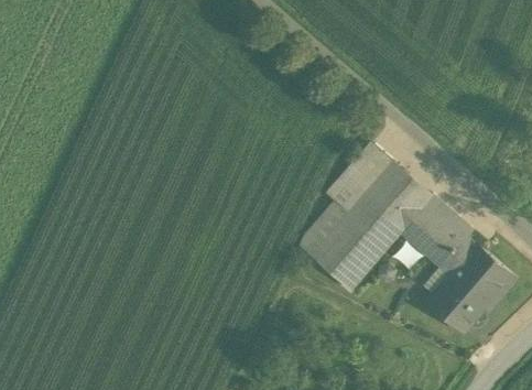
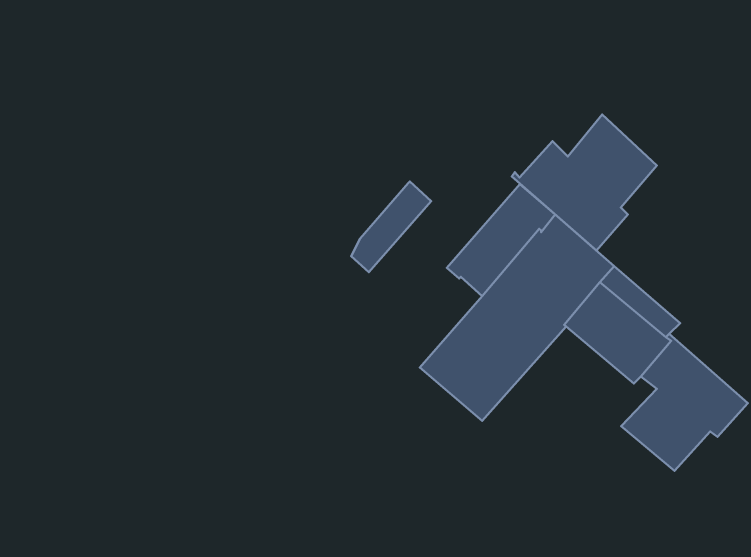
building: none -> [512,115,657,250]
building: [300,202,349,258] -> [351,181,431,272]

